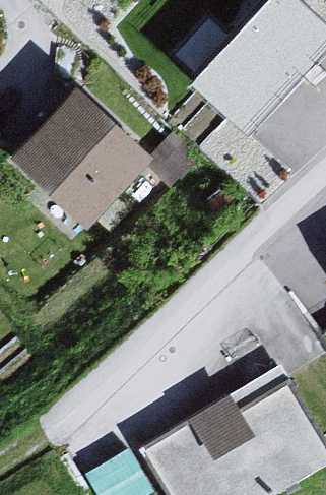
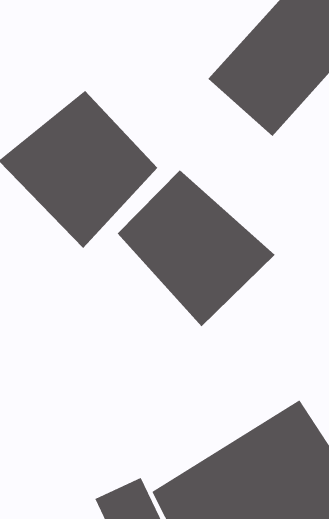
building: none -> [117,169,276,327]

